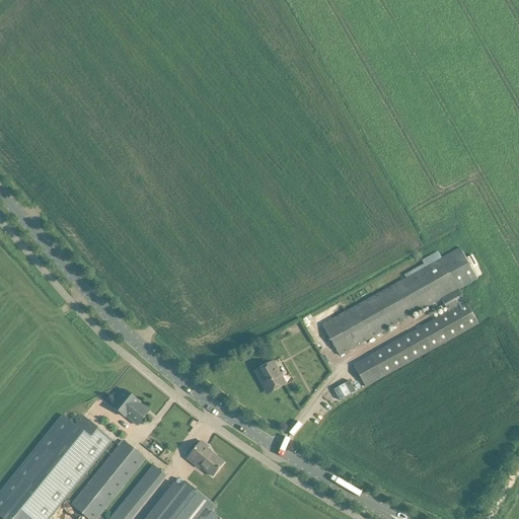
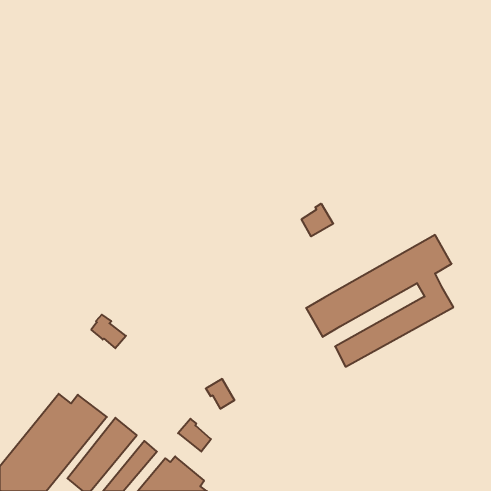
building: none -> [302,204,333,236]
building: [254,361,285,392] -> [206,379,235,409]
building: [112,389,148,425] -> [91,315,126,348]

